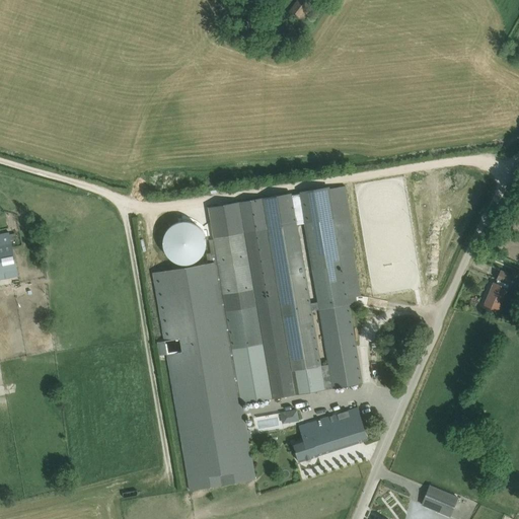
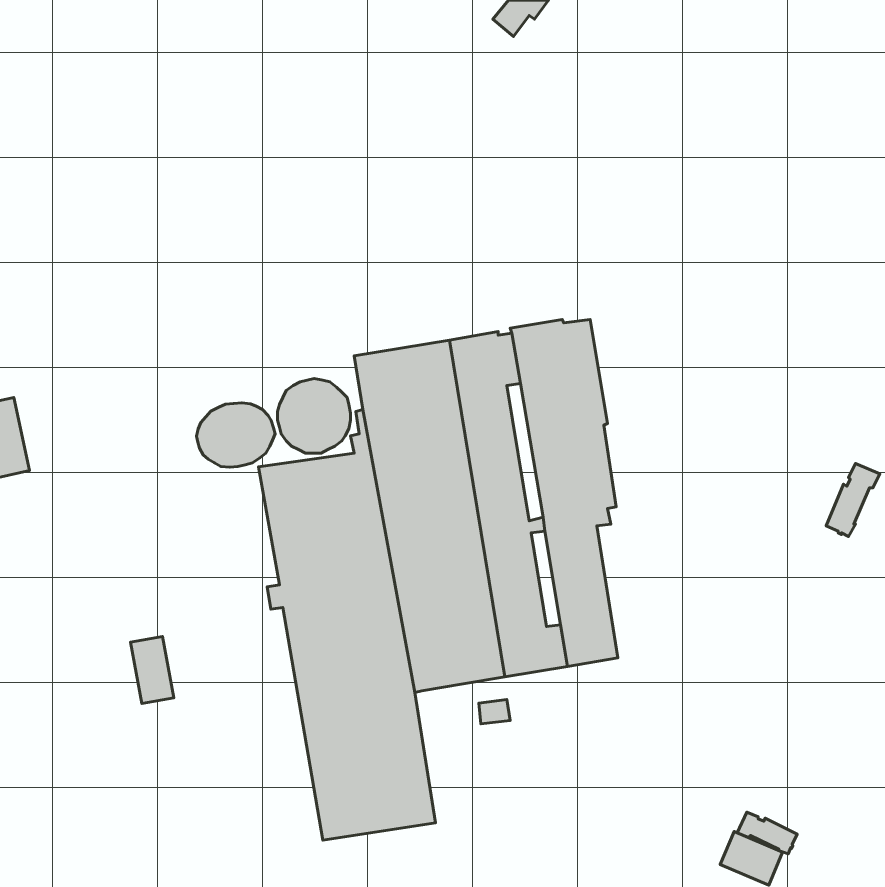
building: none -> [196,403,275,467]
building: none -> [131,637,174,703]
building: [291,407,367,461] -> none
building: none -> [737,812,797,854]

